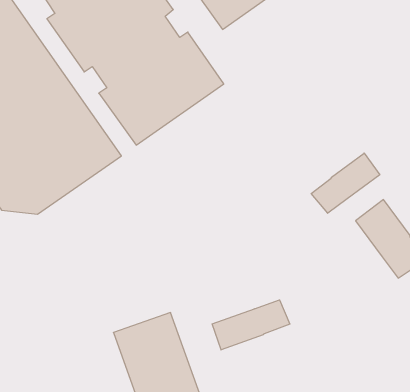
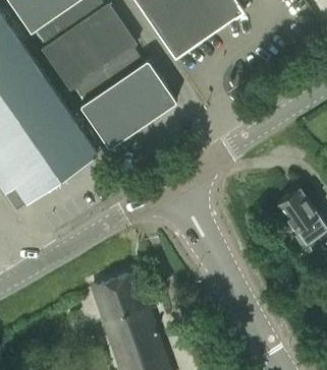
building: [311,153,380,213] -> none
building: [212,300,290,350] -> none

